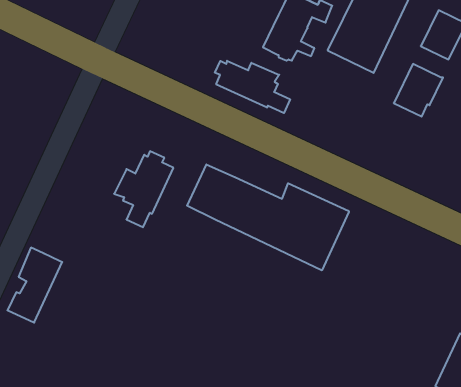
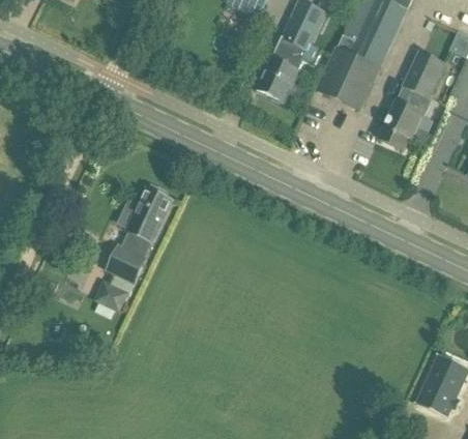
building: [215,61,290,113] -> none
building: [187,164,349,270] -> none
building: [7,248,62,323] -> [97,240,148,310]

